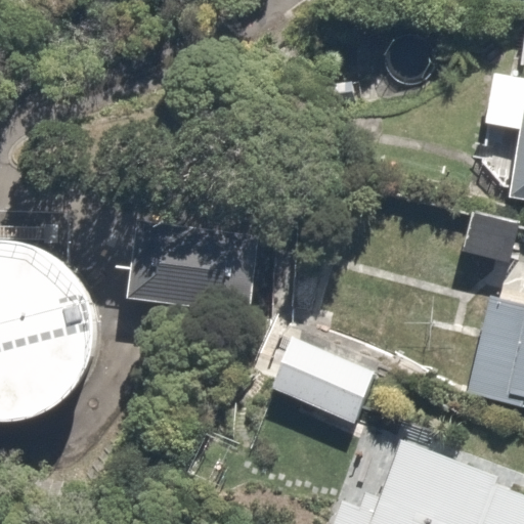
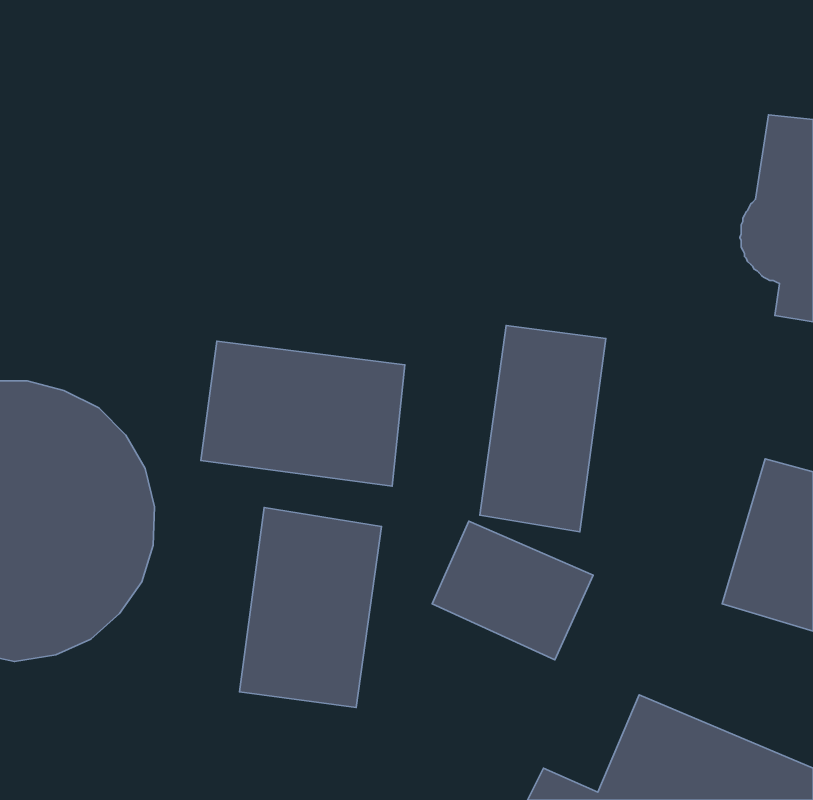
building: none -> [480,325,606,532]
building: none -> [239,508,381,708]

